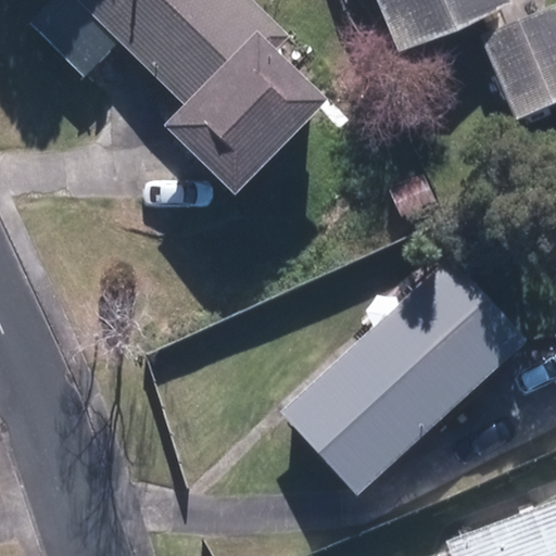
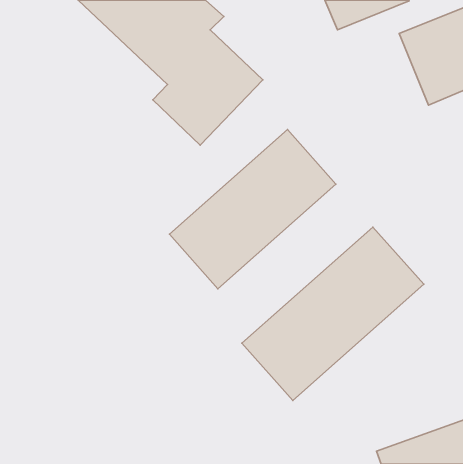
building: none -> [169,129,336,289]

